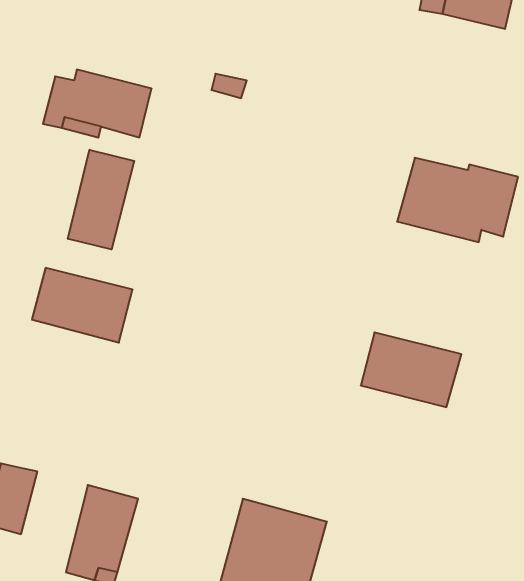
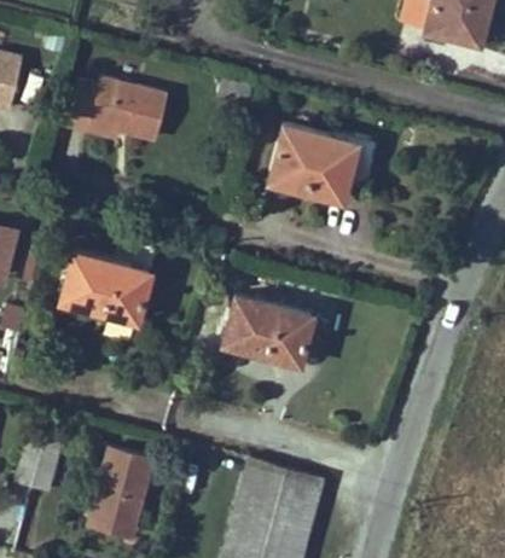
building: [68,150,134,249] -> none
building: [397,158,518,242] -> [269,126,377,200]
building: [361,332,461,407] -> [224,297,313,364]

